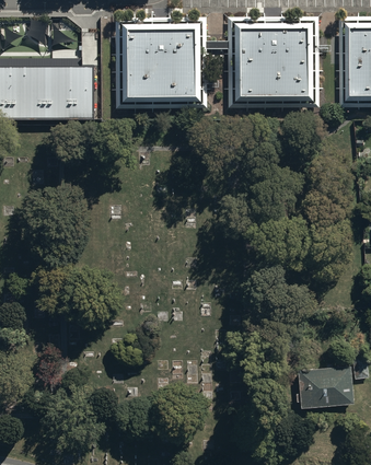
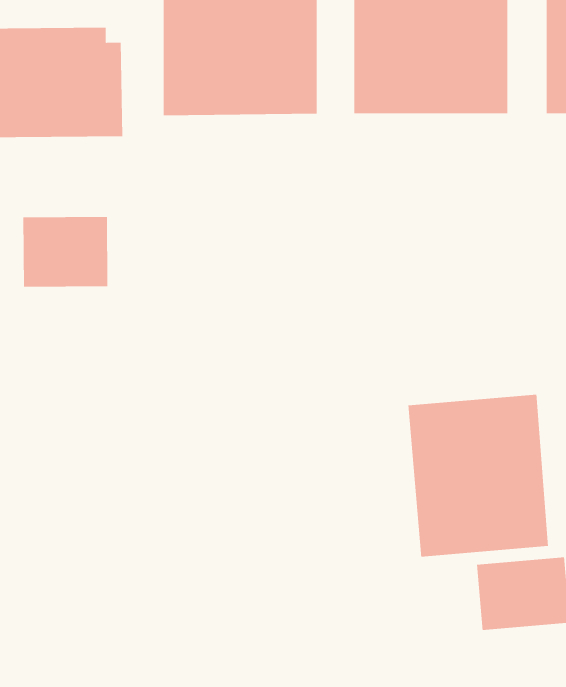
building: none -> [23,216,108,287]
building: none -> [408,394,548,557]

